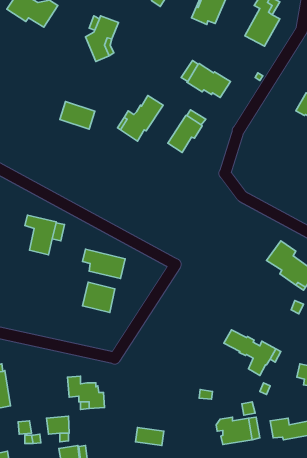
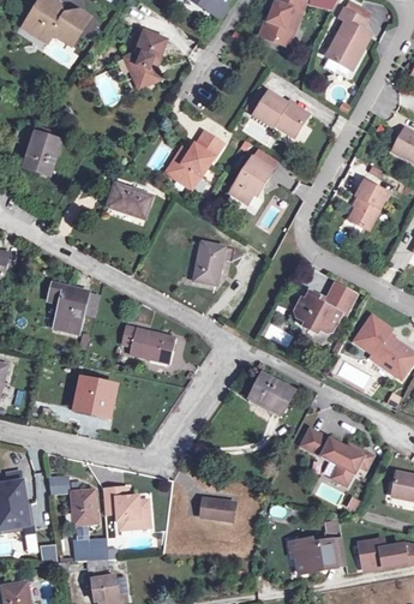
building: none -> [24,132,60,174]
building: [60,102,95,129] -> [107,183,151,217]
building: none -> [348,179,388,229]
building: none -> [193,241,242,285]
building: none -> [294,283,355,333]
building: [82,282,115,312] -> [74,377,115,415]
building: none -> [248,373,293,413]
building: none -> [71,489,96,524]
building: [135,428,164,446] -> [199,497,235,520]

